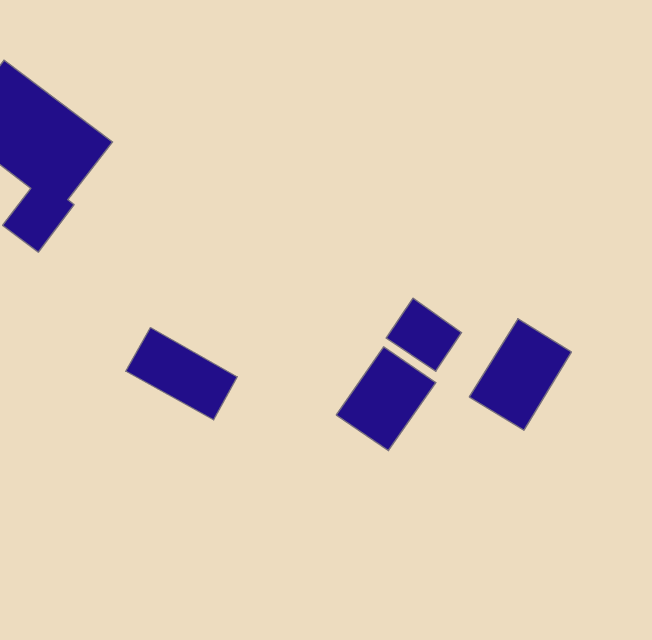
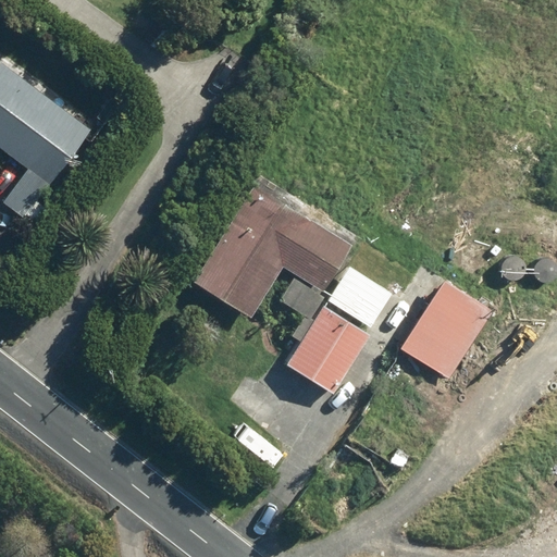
building: none -> [193,187,346,314]
building: [126,328,237,420] -> none

